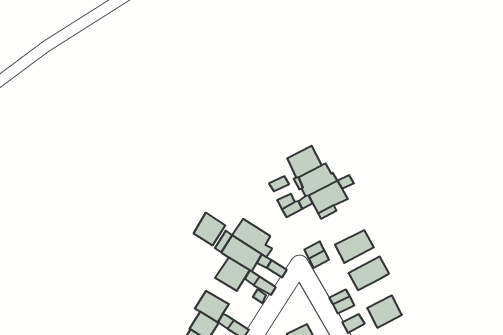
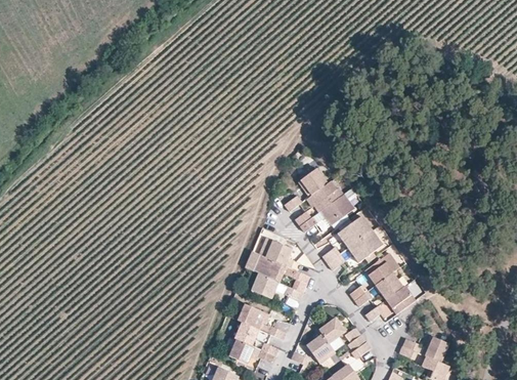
building: none -> [338,216,372,248]
building: [194,213,225,245] -> none
building: none -> [374,270,402,298]

